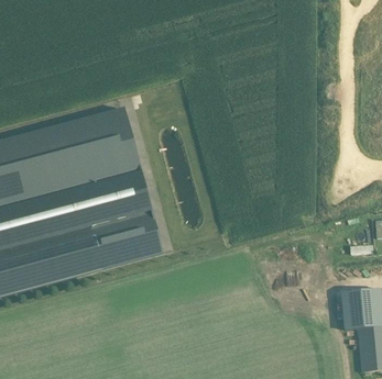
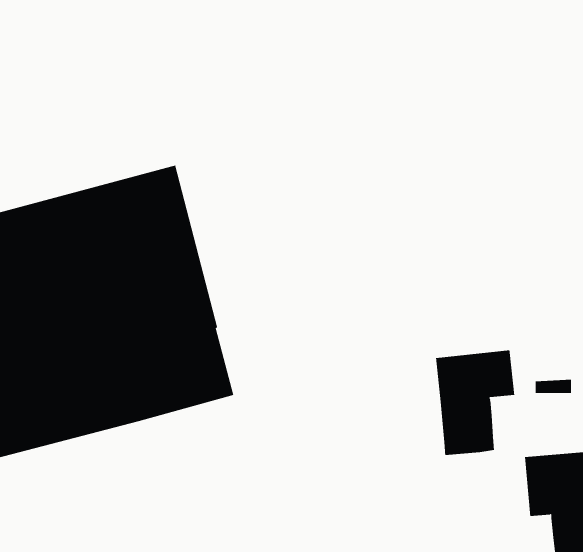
building: none -> [436,350,515,456]

